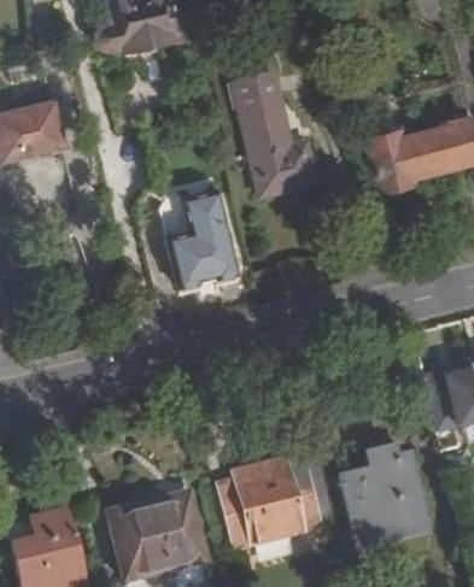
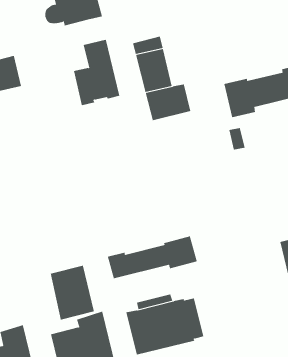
building: [170,192,240,290] -> [73,39,120,106]
building: none -> [107,236,197,279]
building: none -> [50,265,95,320]
building: [344,454,426,544] -> none

